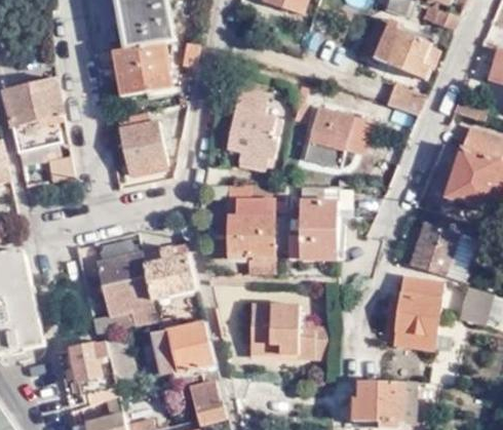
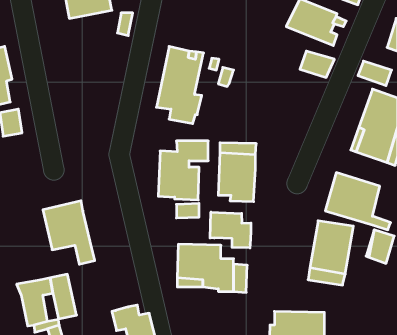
building: [111,41,169,96] -> none
building: [304,110,353,169] -> none
building: [115,111,165,172] -> none
building: [141,247,194,301] -> none
building: none -> [210,212,251,248]
building: [87,305,137,335] -> none
building: [155,322,214,379] -> none

